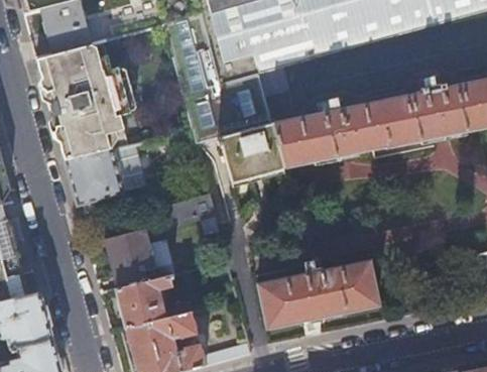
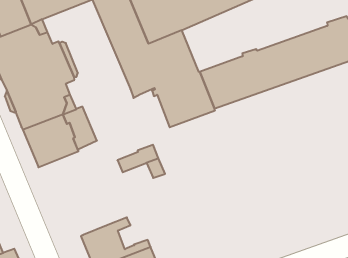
building: [106,231,171,288] -> none
building: [259,260,378,328] -> none

